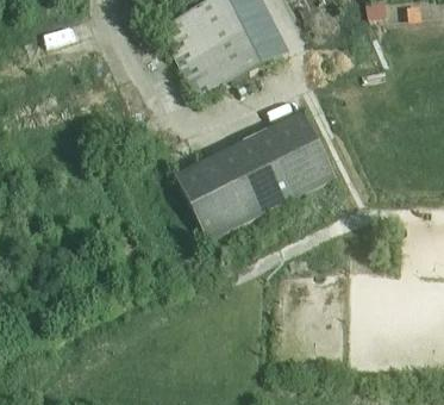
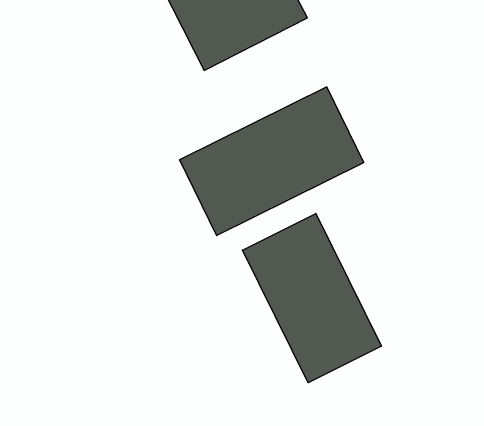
building: none -> [242,213,381,383]

